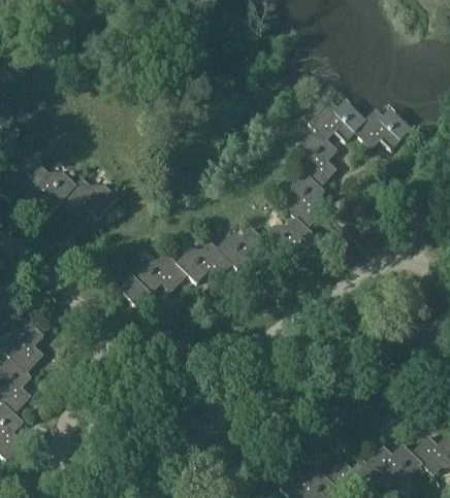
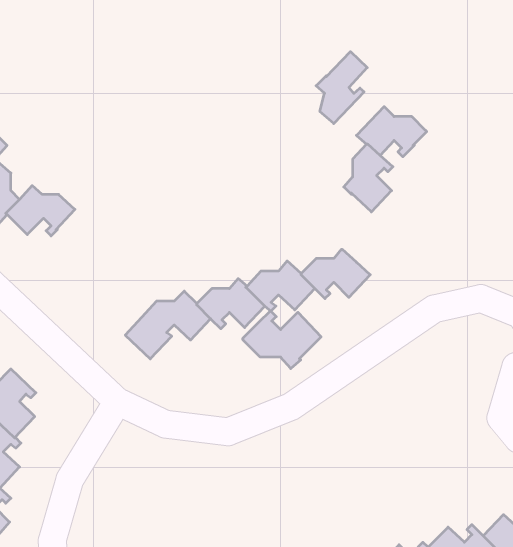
building: none -> [316,52,367,124]
building: [354,107,411,148] -> none
building: [284,170,325,227] -> none
building: [61,176,118,218] -> none
building: none -> [243,311,321,369]

